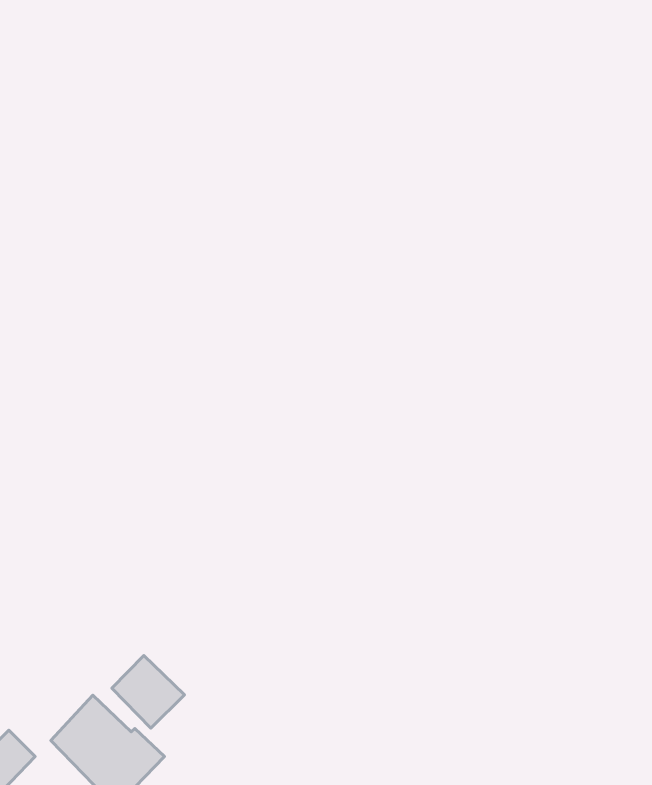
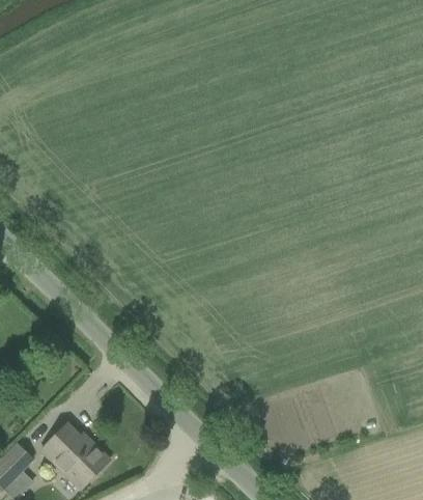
building: [112,655,184,728] -> none

